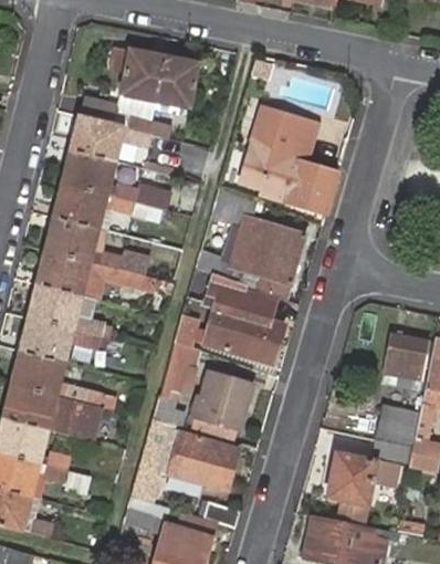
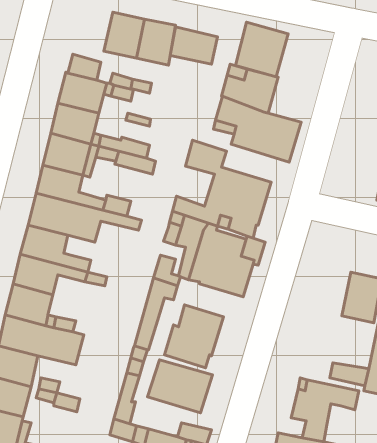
building: none -> [235,22,288,77]
building: none -> [170,27,218,64]
building: [374,406,413,441] -> none

